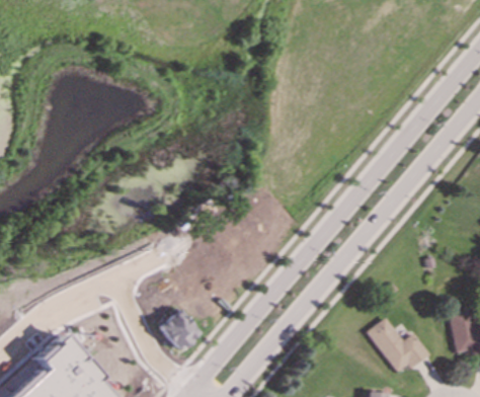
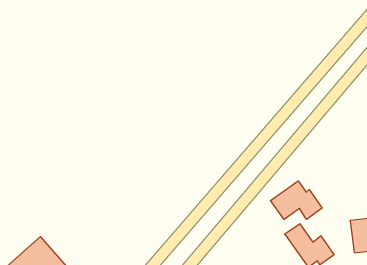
building: none -> [270,181,322,220]
building: [156,310,201,354] -> none

